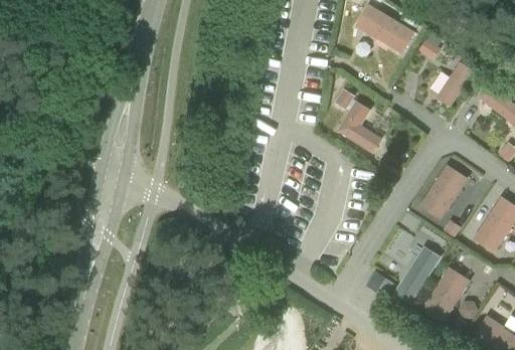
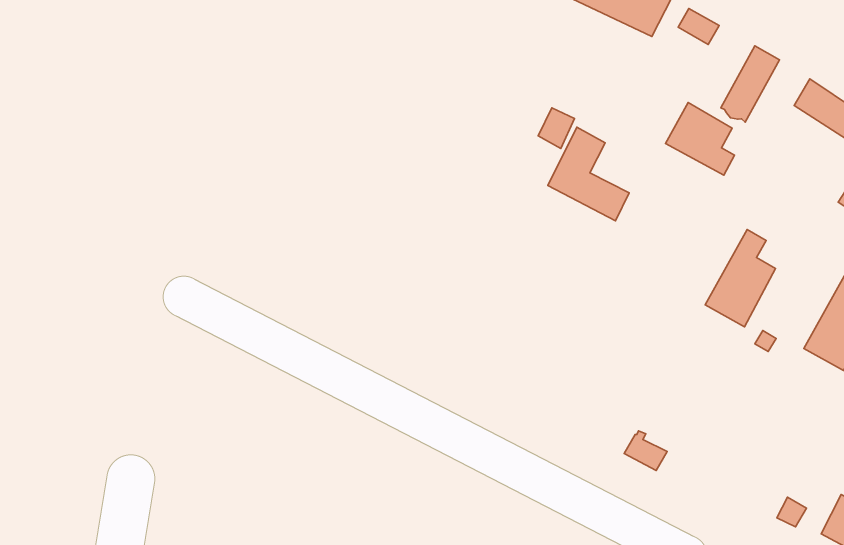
building: none -> [666,103,734,175]
building: [394,246,439,302] -> none
building: [421,269,469,323] -> none

